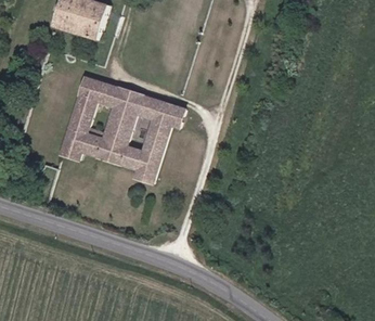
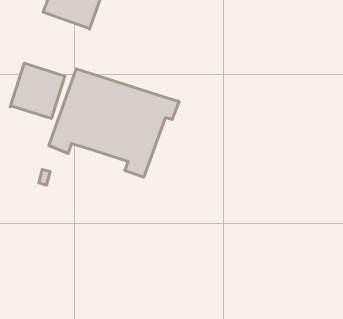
building: none -> [10,63,65,119]

